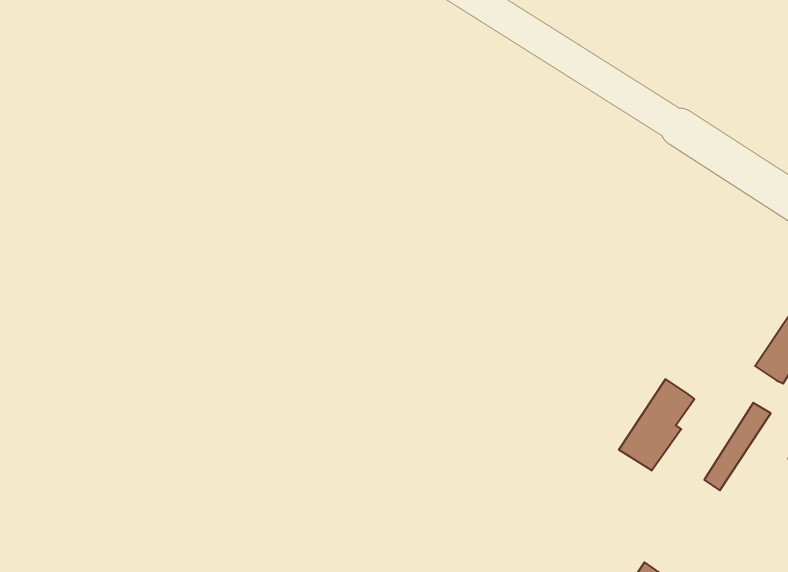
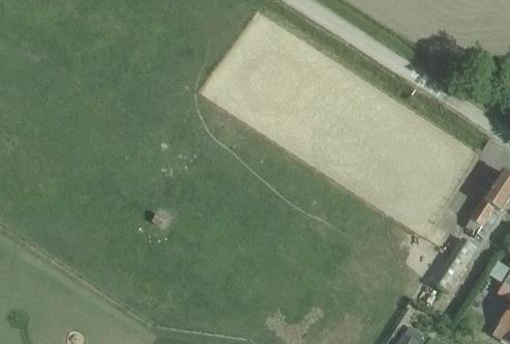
building: [619,379,694,471] -> none

